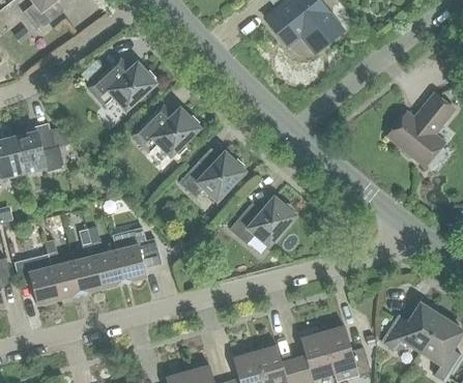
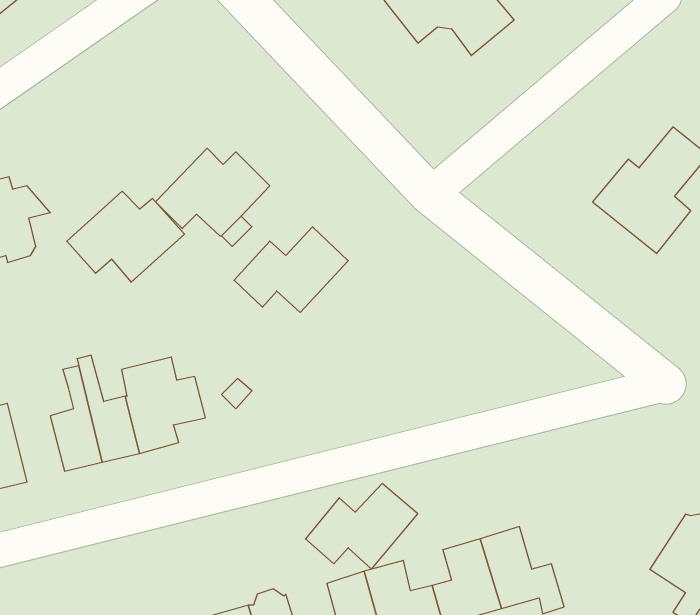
building: [88,58,156,111] -> [67,191,185,282]
building: [230,197,295,246] -> [305,484,418,569]
building: [48,252,81,299] -> none
building: [382,304,441,350] -> none

